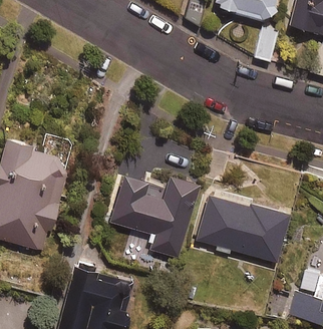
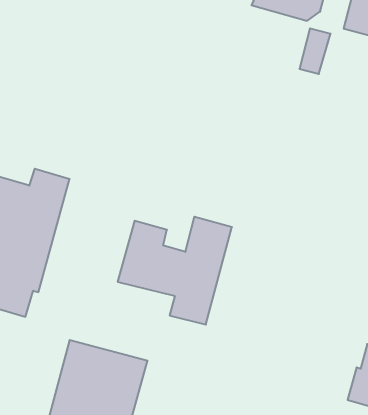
building: [196,186,291,262] -> none

